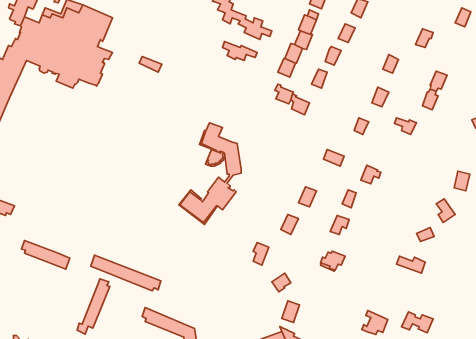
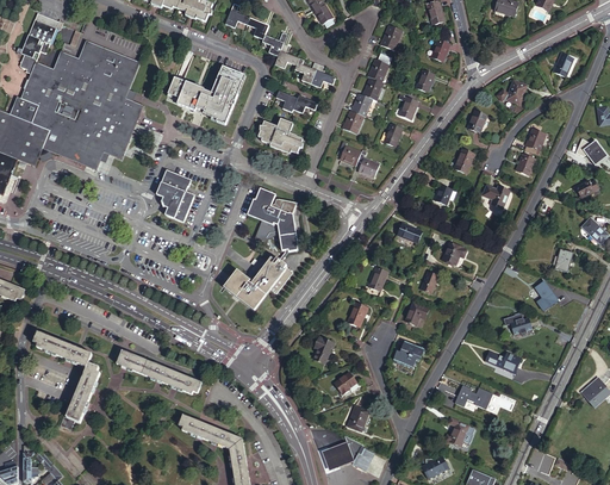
building: none -> [167,66,242,123]
building: none -> [19,105,147,172]
building: none -> [259,120,303,156]
building: none -> [158,173,195,225]
building: [77,279,110,334] -> [61,362,100,429]
building: [401,312,433,333] -> [454,384,492,409]

